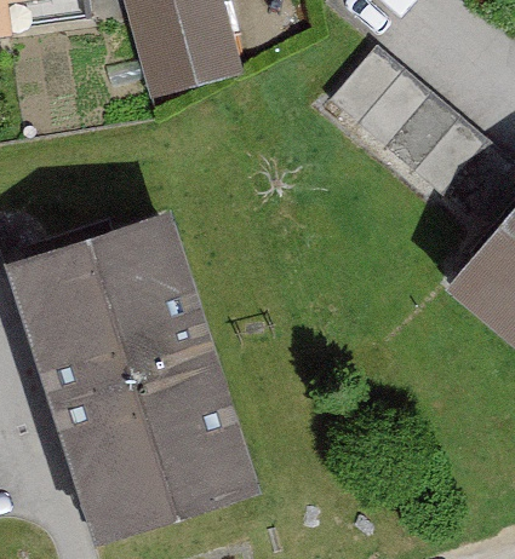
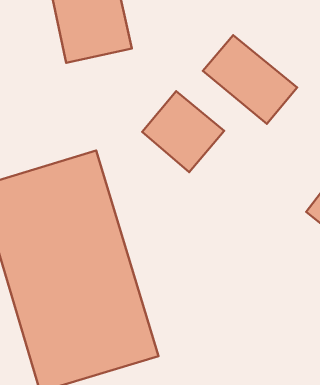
building: none -> [142,91,224,172]

